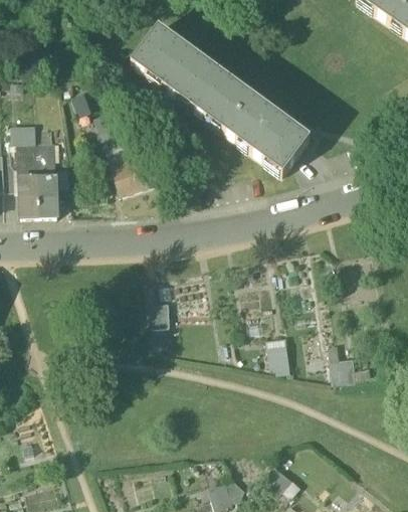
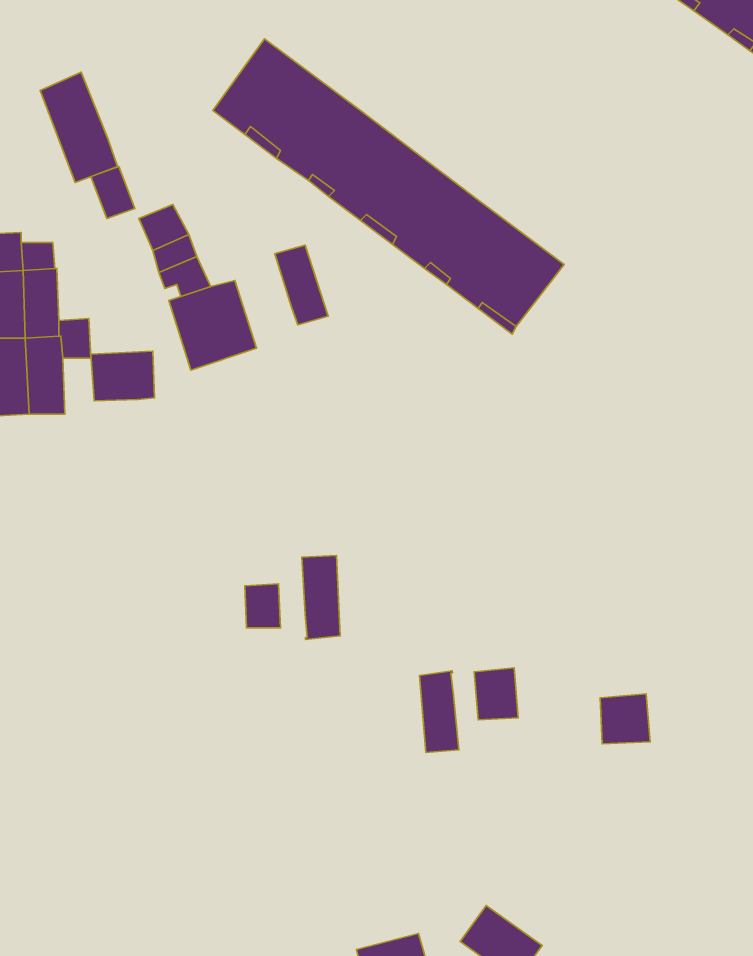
building: none -> [40,72,117,182]
building: none -> [275,245,328,325]
building: none -> [91,351,154,401]
building: none -> [302,555,340,640]
building: none -> [420,671,459,753]

